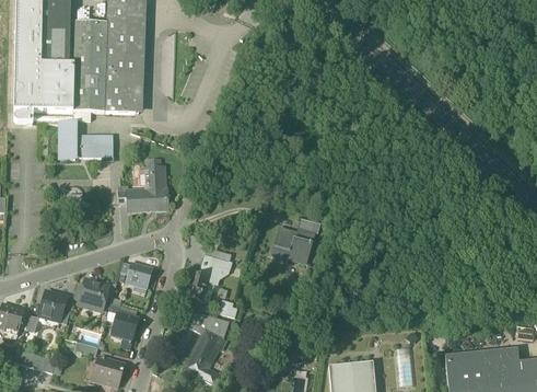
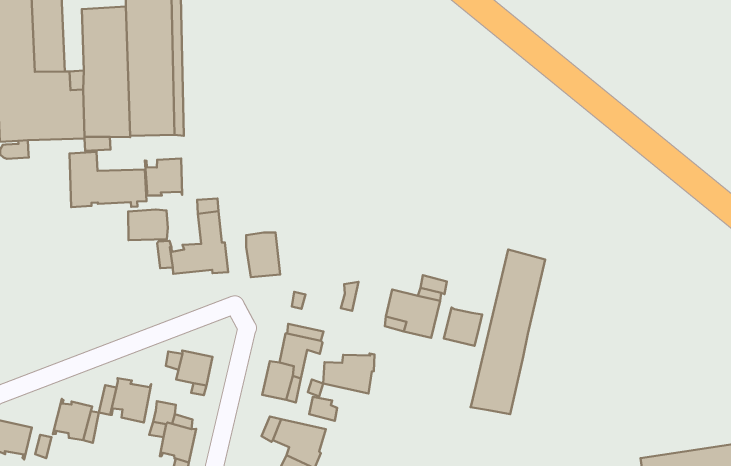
building: none -> [145,158,182,196]
building: none -> [128,209,168,240]
building: none -> [246,232,280,277]
building: none -> [471,249,545,414]
building: none -> [444,308,482,346]
building: none -> [323,353,374,394]

